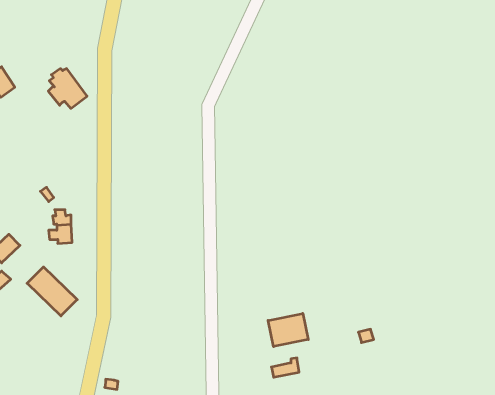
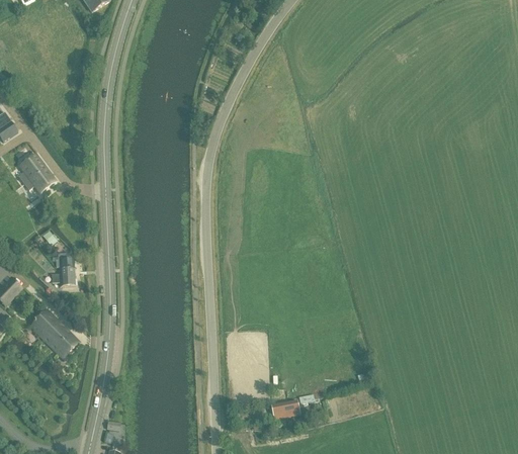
building: [48,69,87,108] -> [17,153,56,192]
building: [268,313,308,347] -> none

